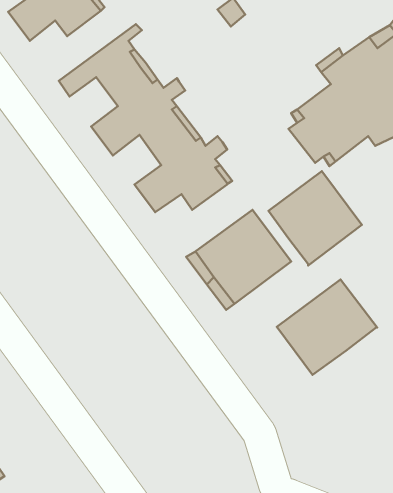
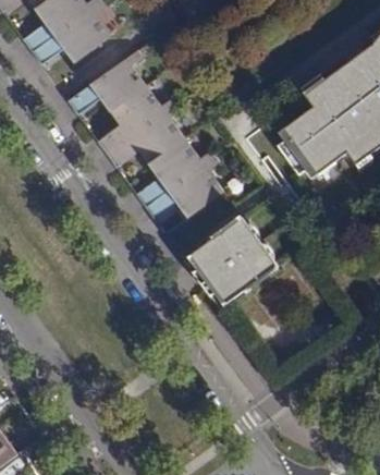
building: [269,171,362,266] -> none
building: [277,280,377,375] -> none

